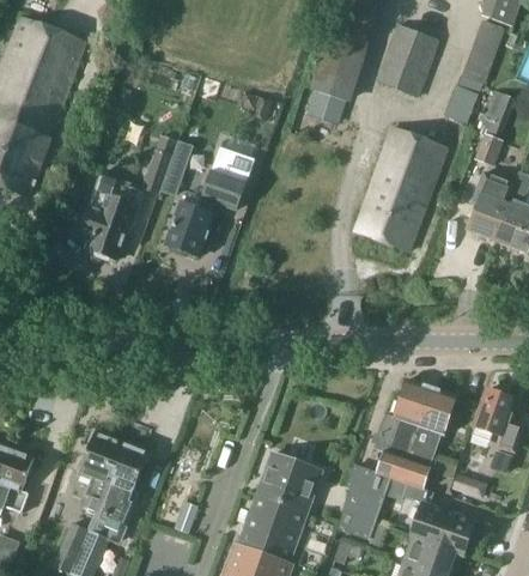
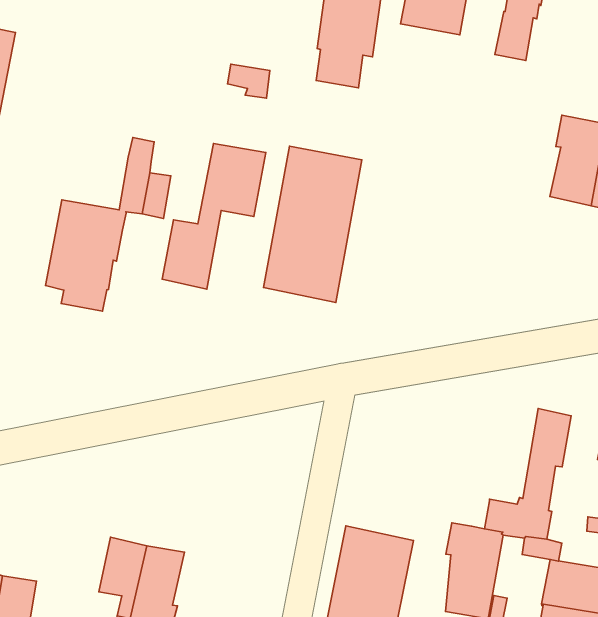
building: [474,92,513,166] -> none
building: [355,127,445,250] -> [263,146,362,303]
building: [375,380,432,457] -> none

